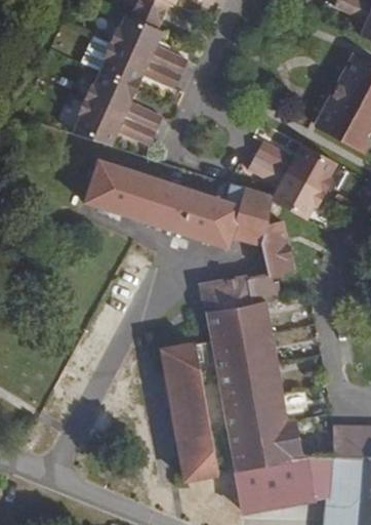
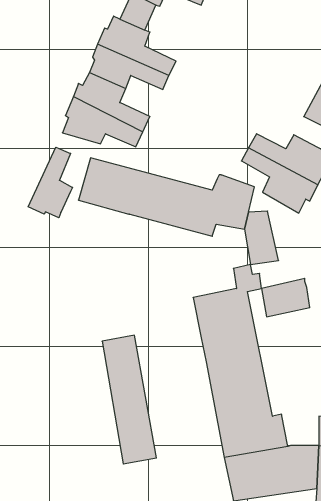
building: none -> [28,147,73,218]
building: [198,268,247,307] -> [262,278,310,317]
building: [164,339,219,471] -> [102,335,156,464]

